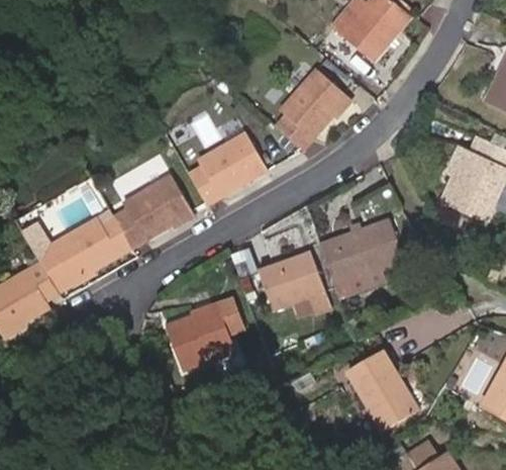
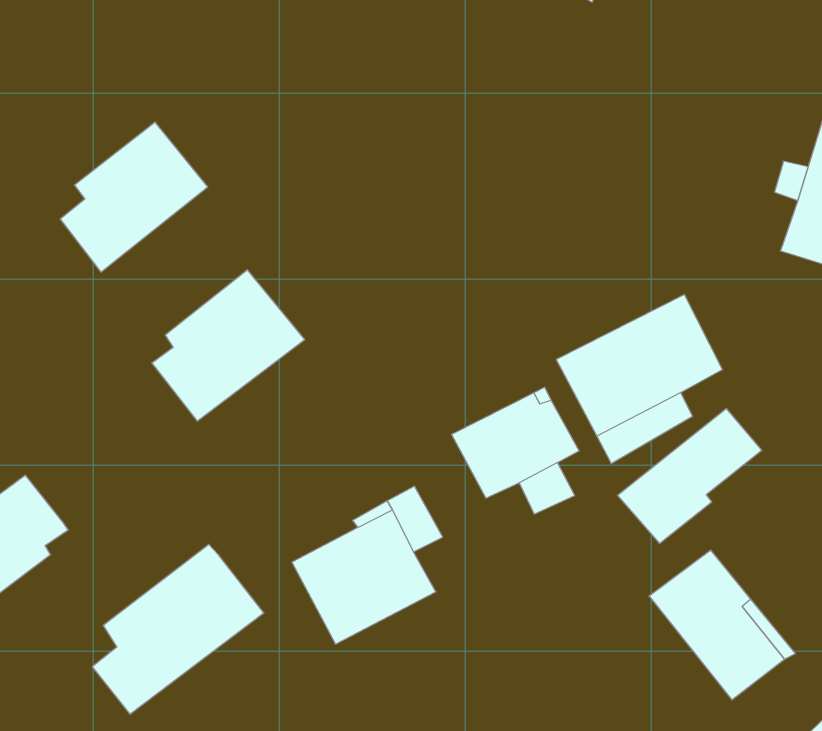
building: [278,71,352,152] -> none
building: [190,131,268,203] -> [60,122,208,272]
building: [40,205,132,285] -> [92,544,264,714]
building: none -> [618,408,762,543]

